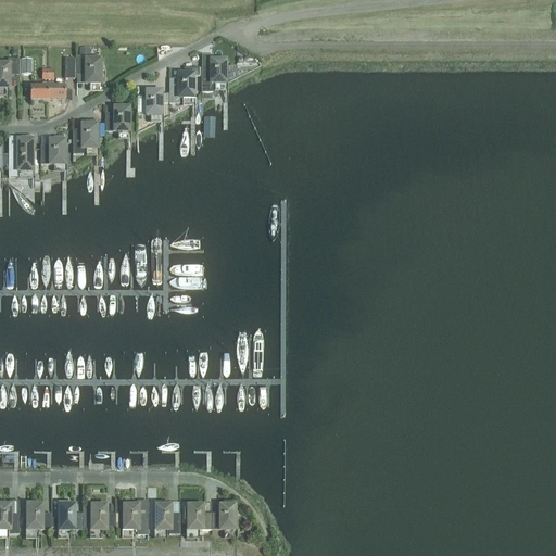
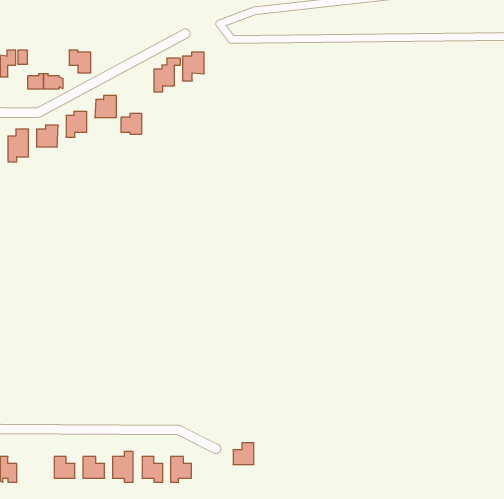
building: [137,89,160,112] -> [121,113,142,134]
building: [27,503,51,527] -> none
building: [211,503,233,527] -> [233,443,254,465]

